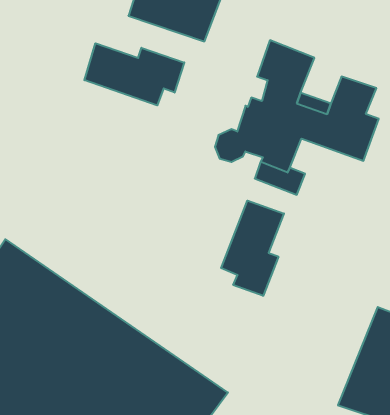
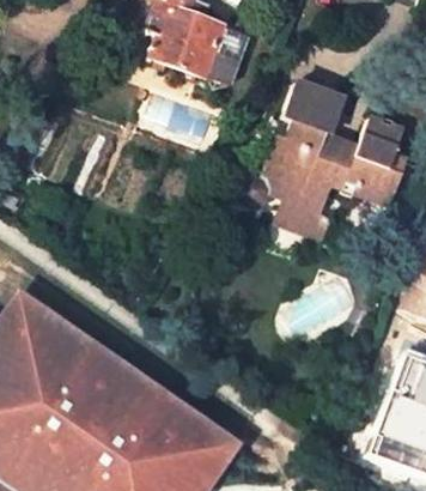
building: [84,43,184,105] -> none
building: [221,201,284,296] -> none

